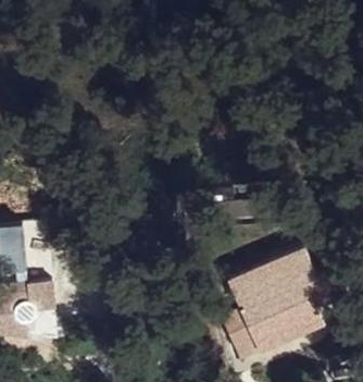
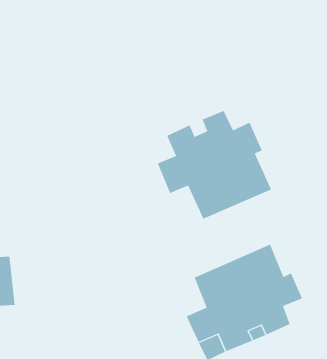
building: none -> [157,110,272,220]

